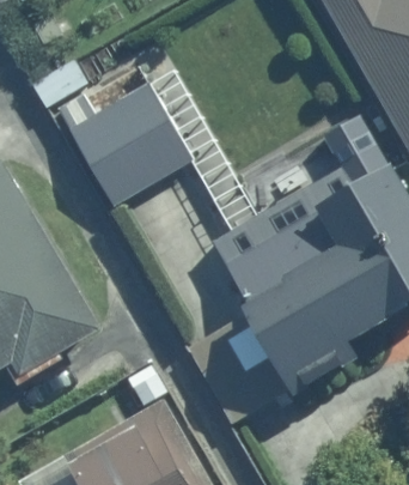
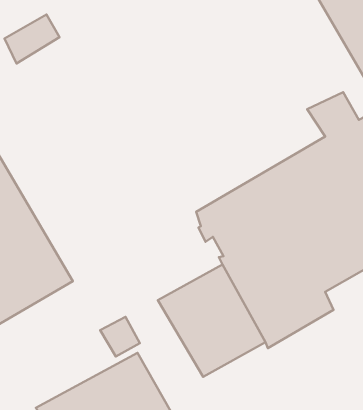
building: [57,61,193,207] -> none

